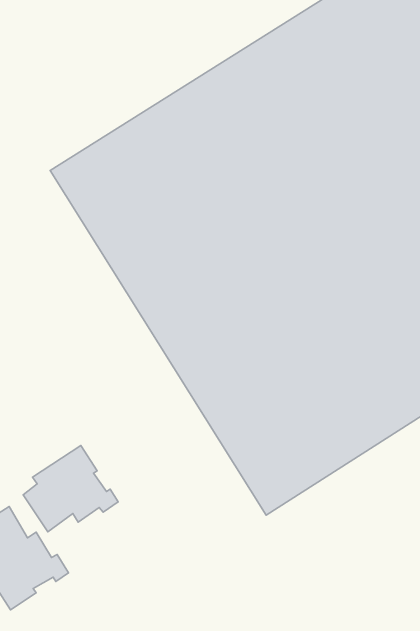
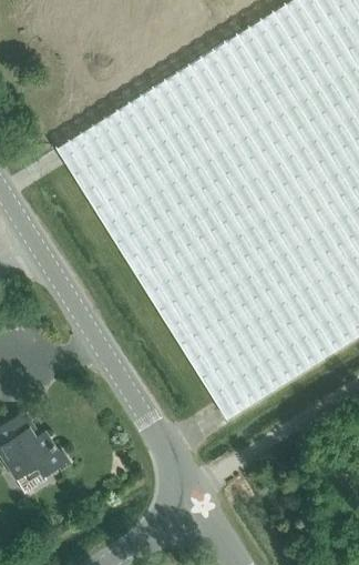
building: [23,446,118,532] -> none

